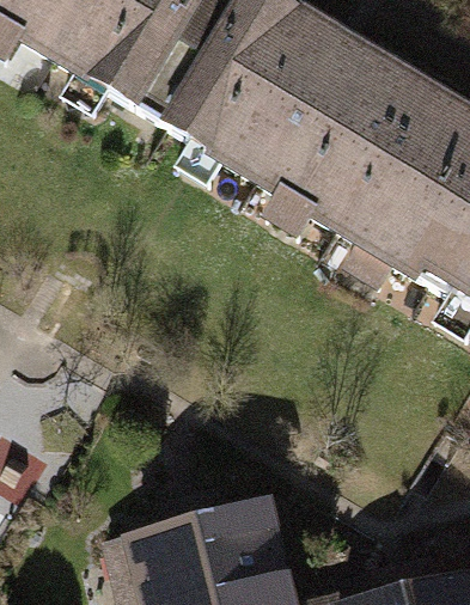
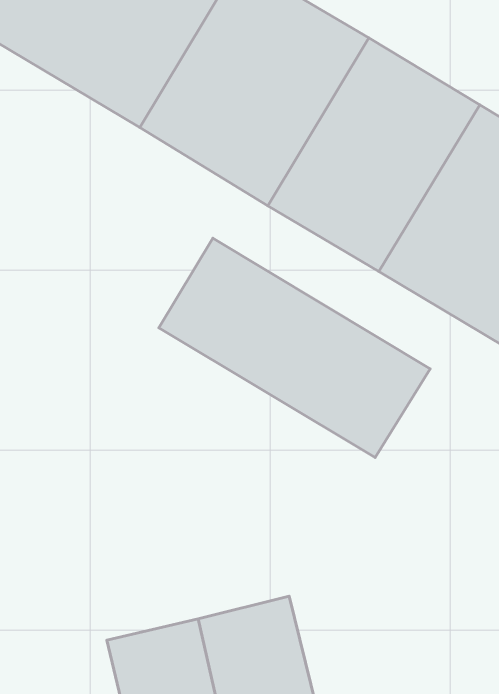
building: none -> [159,238,430,457]

